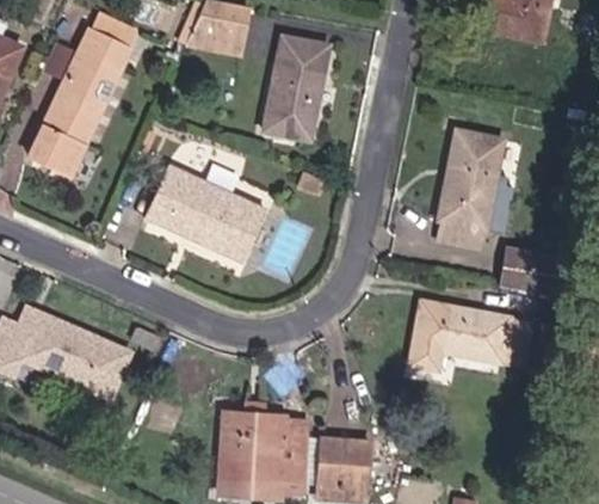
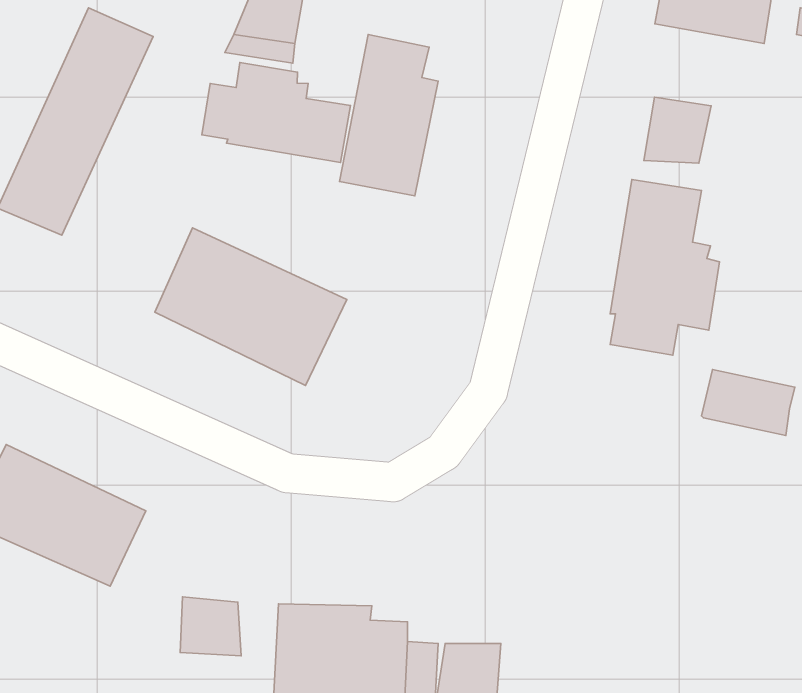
building: none -> [202,62,350,163]
building: none -> [644,97,711,163]
building: [407,296,526,365] -> none
building: none -> [180,597,241,656]

